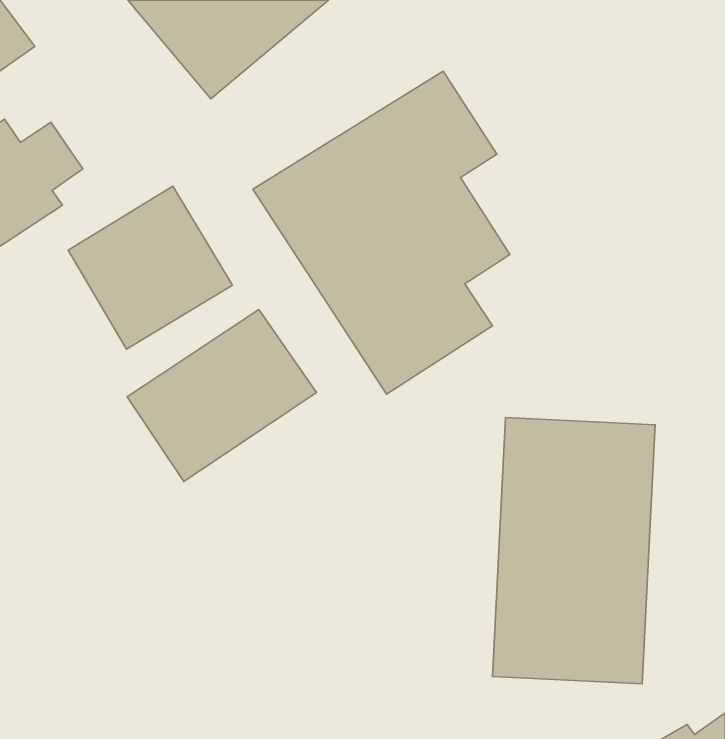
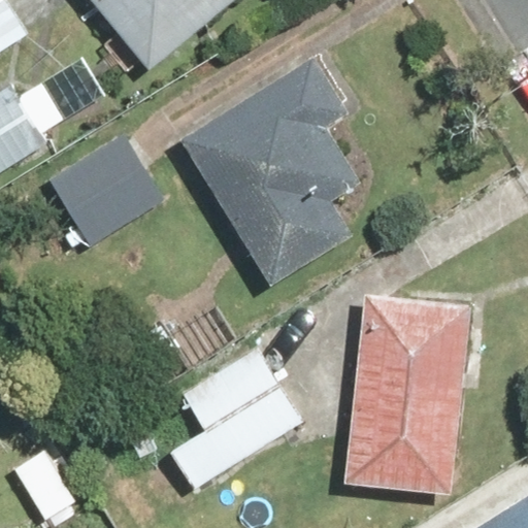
building: [127,309,316,481] -> none
building: none -> [145,344,304,500]

